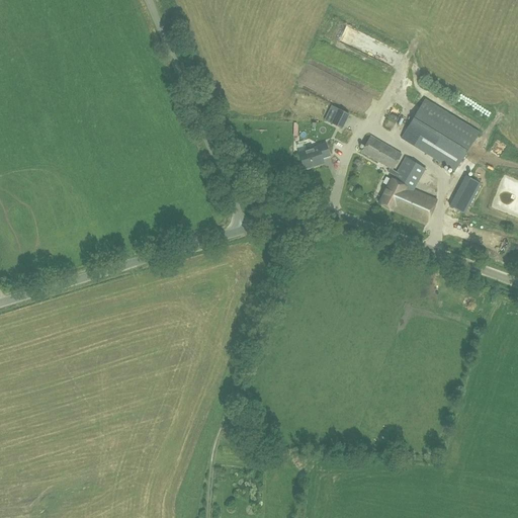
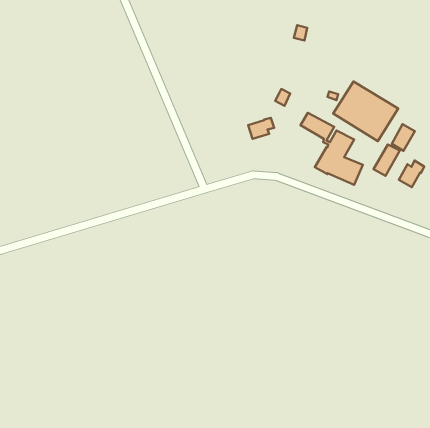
building: none -> [392,124,415,151]
building: none -> [399,161,424,187]

